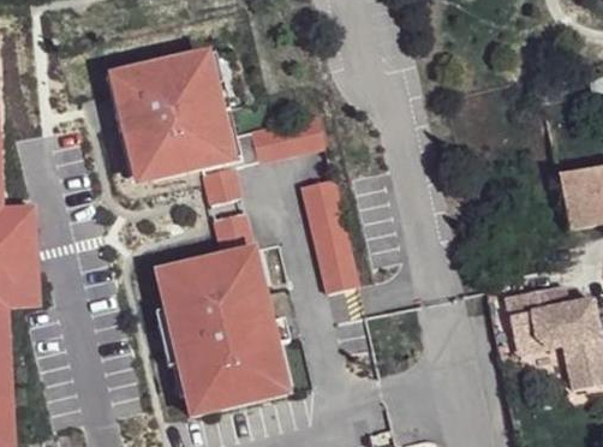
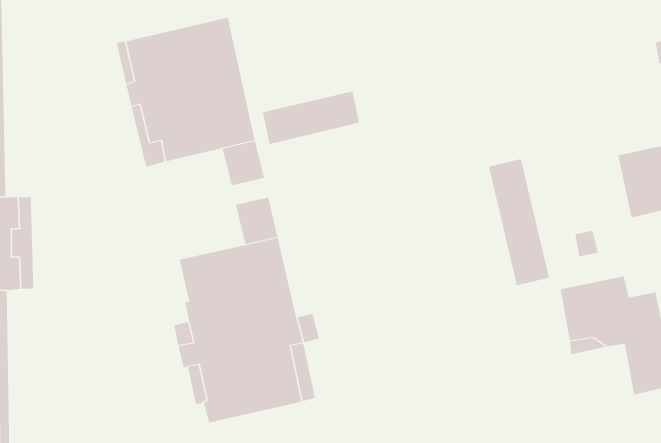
building: [303,178,358,292] -> [488,159,550,286]

